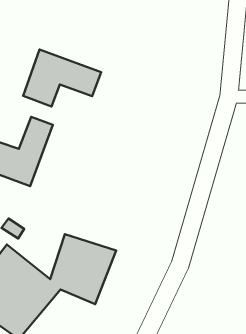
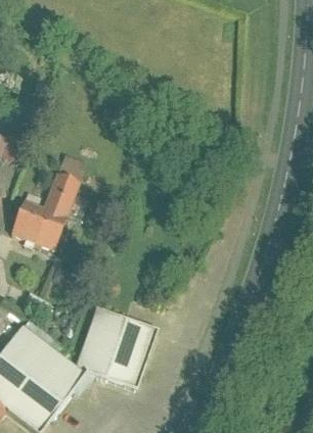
building: [23,50,101,106] -> none

